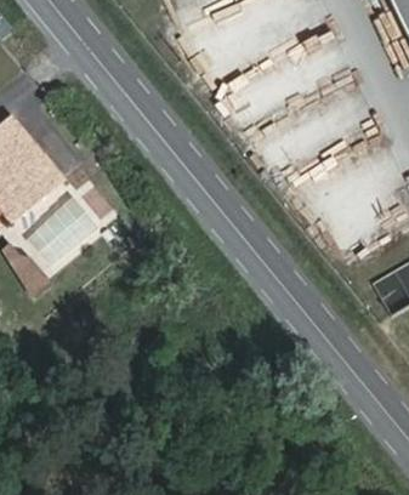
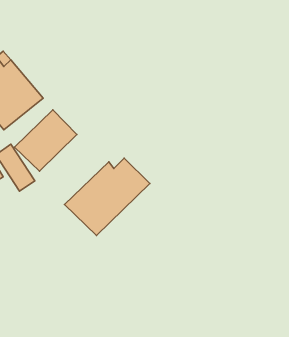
building: none -> [65,158,150,235]

